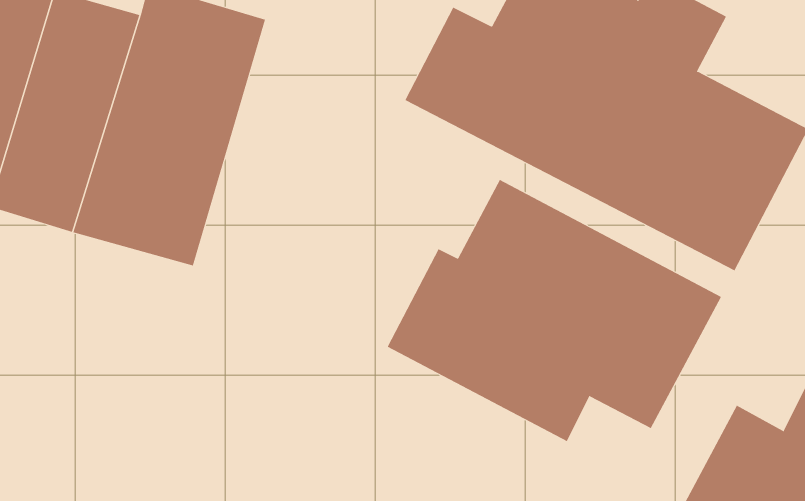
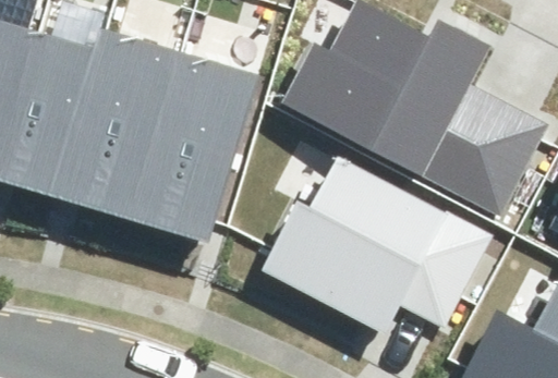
building: none -> [132,50,258,240]

